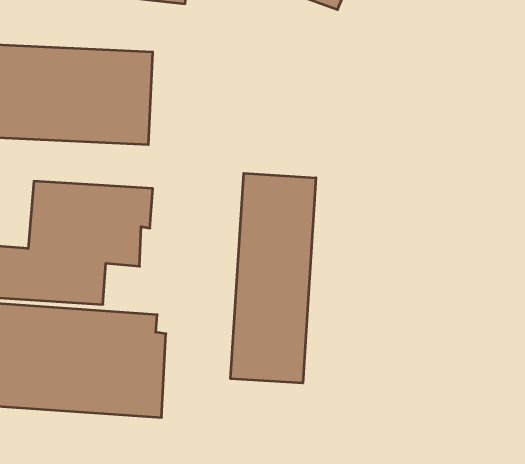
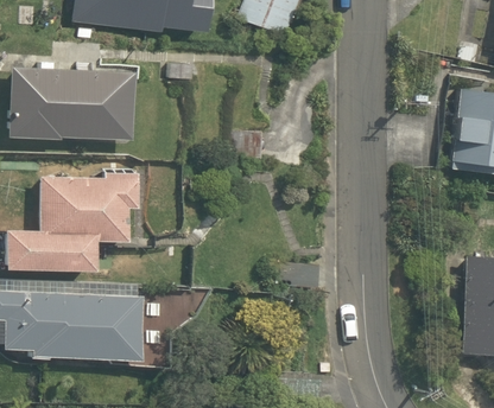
building: [231,173,316,383] -> none

